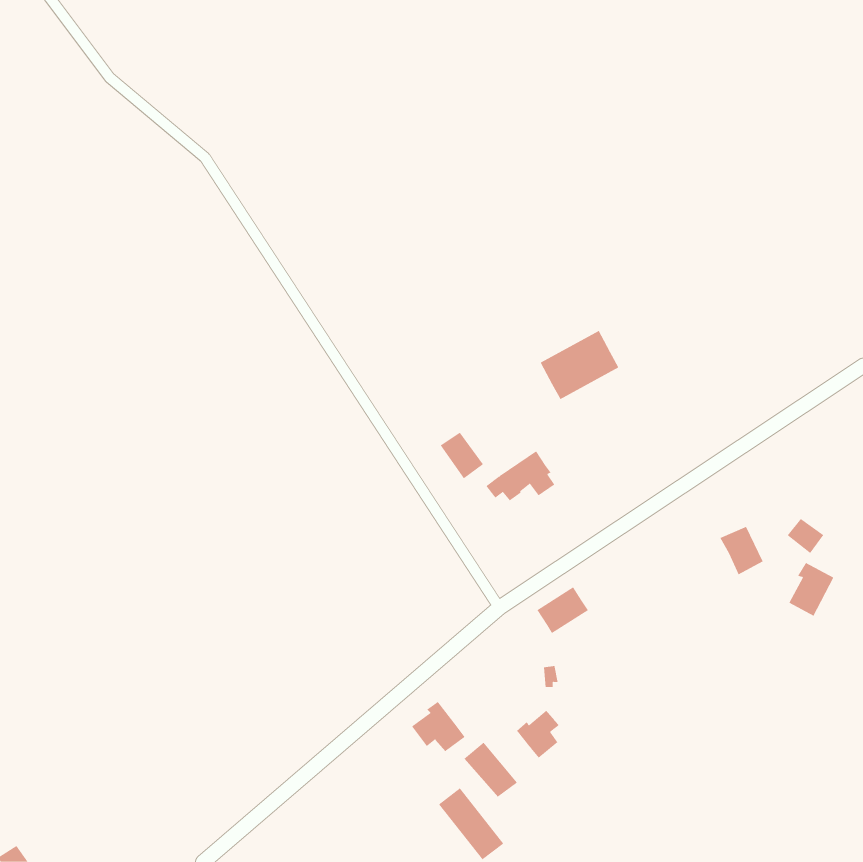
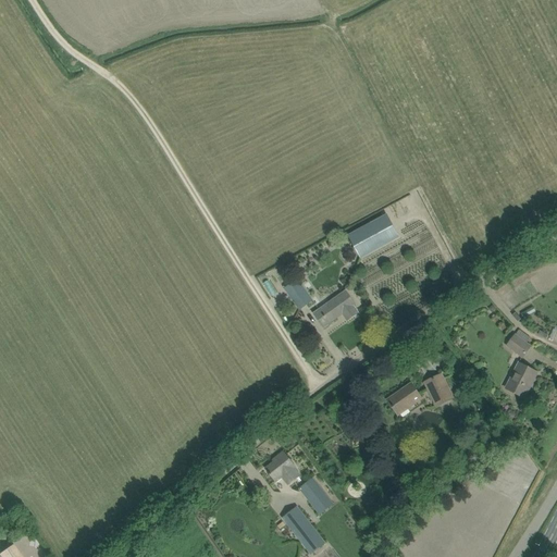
building: [720,526,764,575] -> [423,373,451,405]
building: [536,587,589,634] -> [386,382,420,412]
building: [516,710,559,759] -> none

